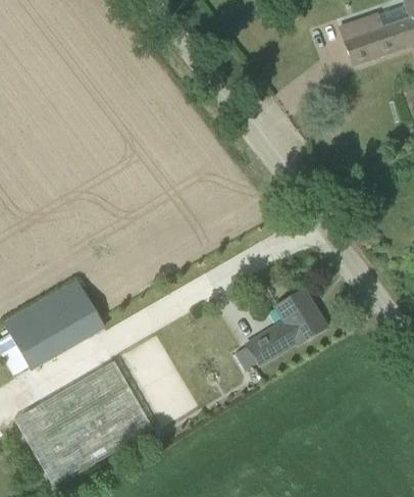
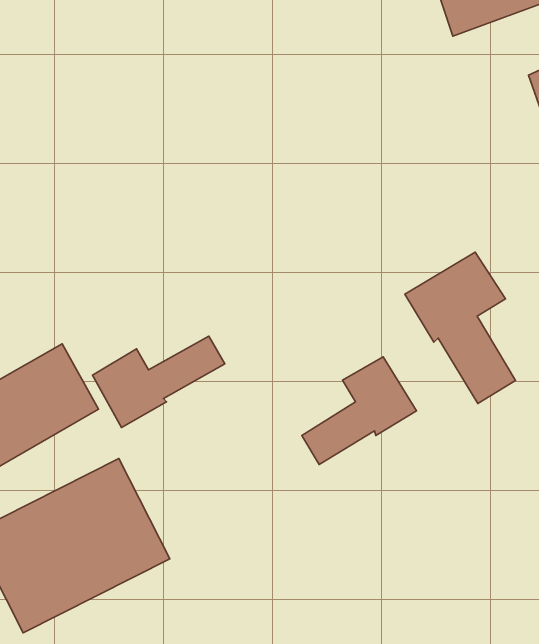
building: none -> [405,252,515,403]
building: none -> [93,336,225,427]

